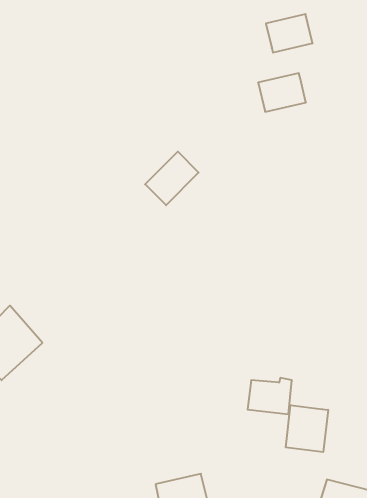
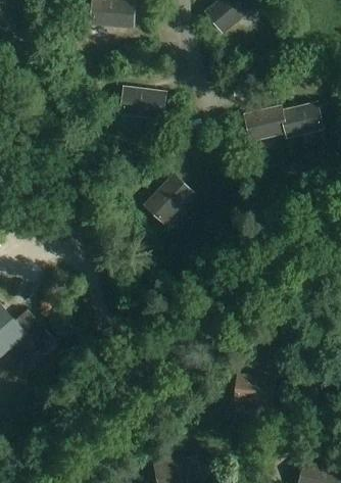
building: [266,14,313,53] -> [281,104,322,138]
building: none -> [120,89,164,119]
building: [286,405,328,452] -> none

